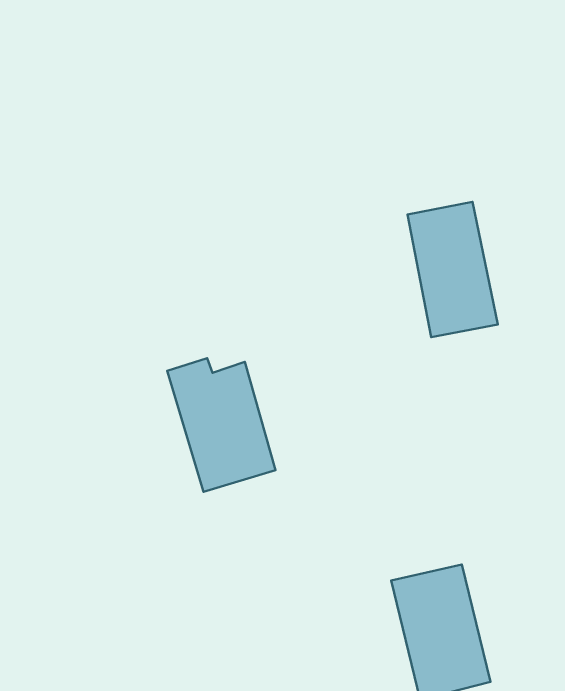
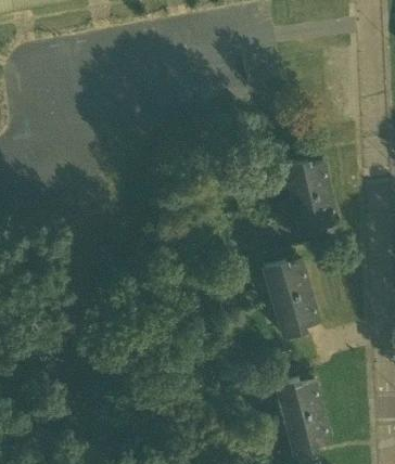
building: [167,358,276,492] -> [257,245,322,325]

